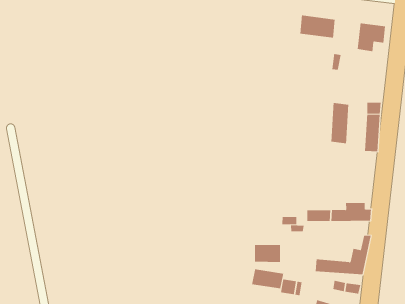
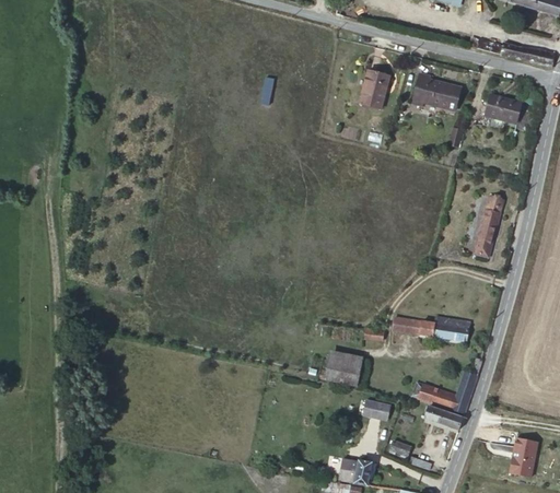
building: none -> [361,72,392,111]
building: [331,102,349,144] -> none
building: [251,269,284,289] -> none

